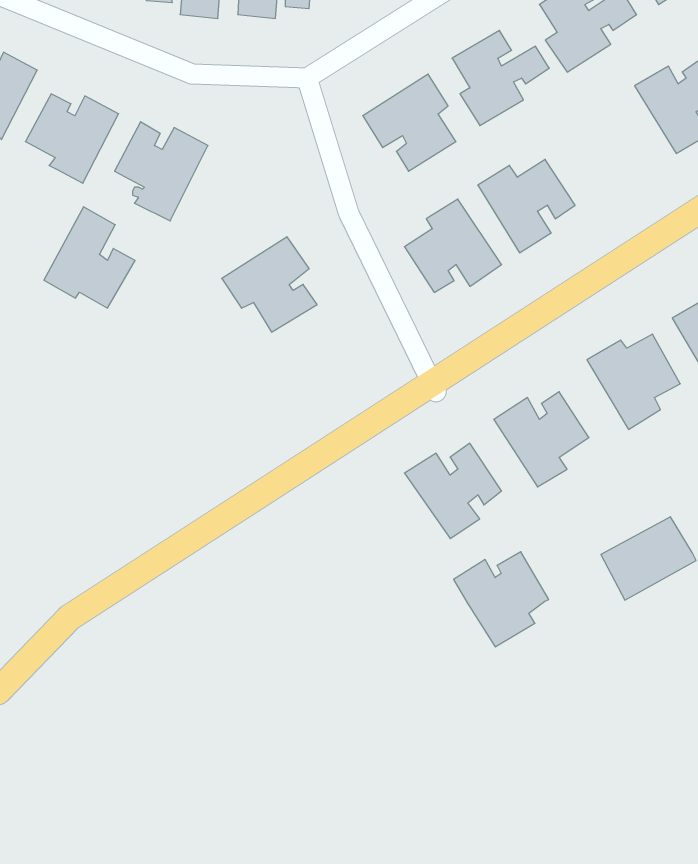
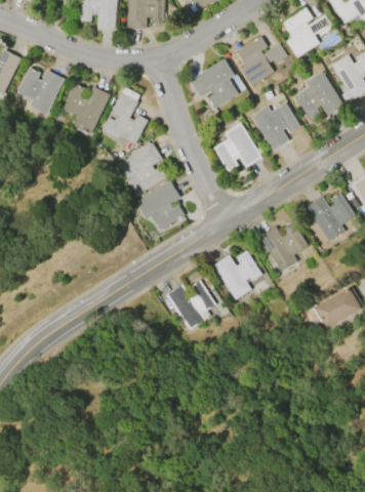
building: none -> [294,72,342,121]
building: [44,207,135,308] -> [103,93,150,146]
building: none -> [135,180,185,230]
building: [454,552,549,647] -> [166,280,215,329]

